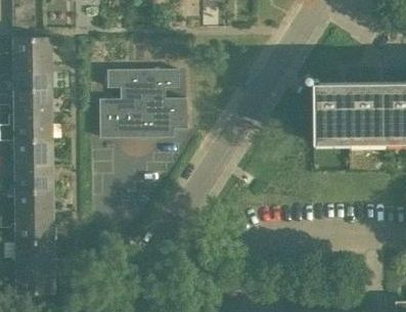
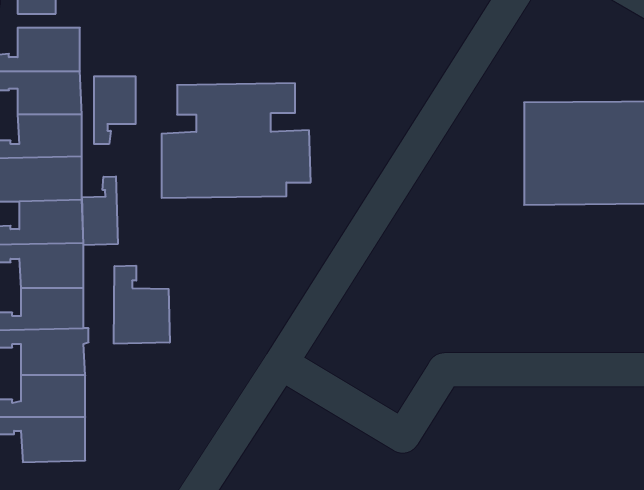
building: none -> [94,76,136,144]
building: none -> [82,176,118,245]
building: none -> [114,266,170,344]

